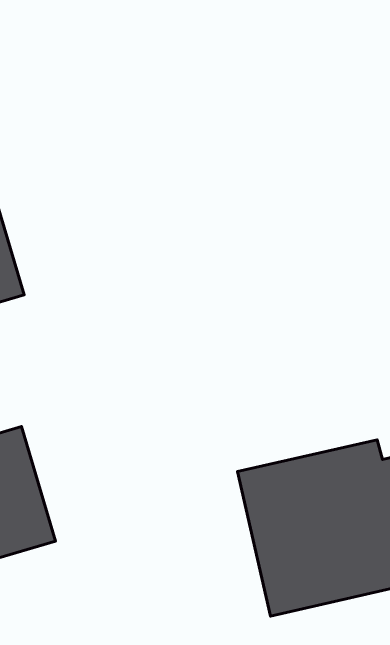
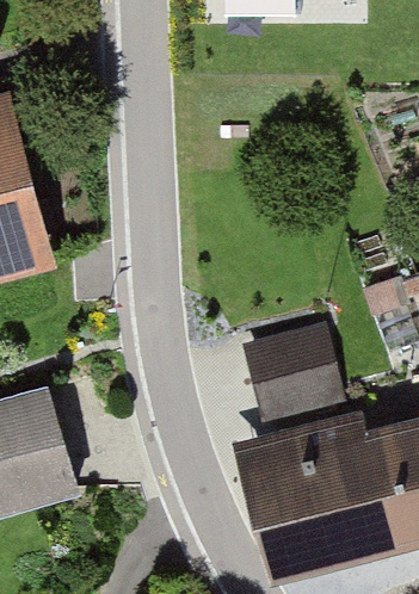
building: none -> [246,330,346,416]

